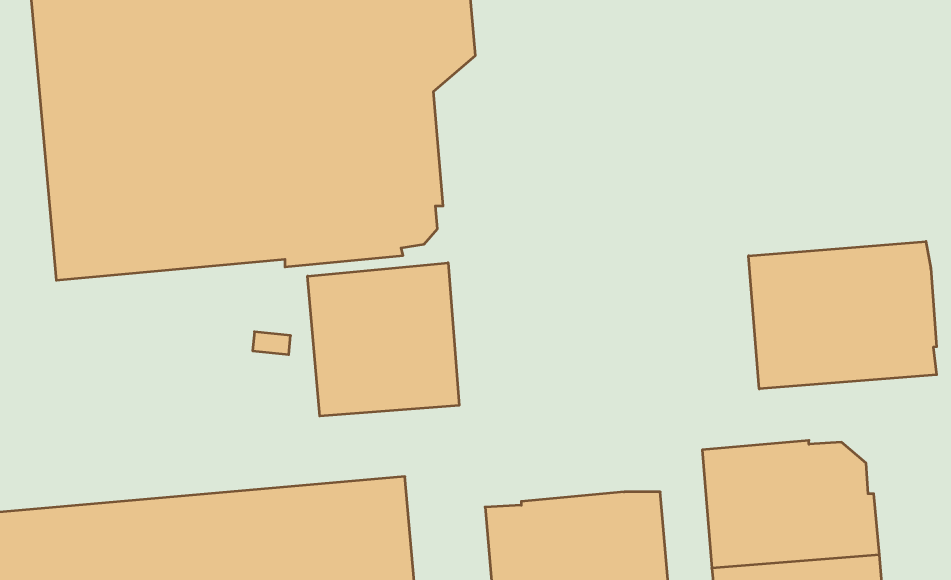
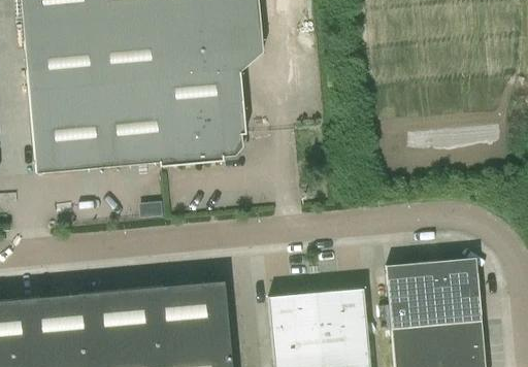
building: [749,241,937,389] -> none
building: [308,263,459,416] -> none

